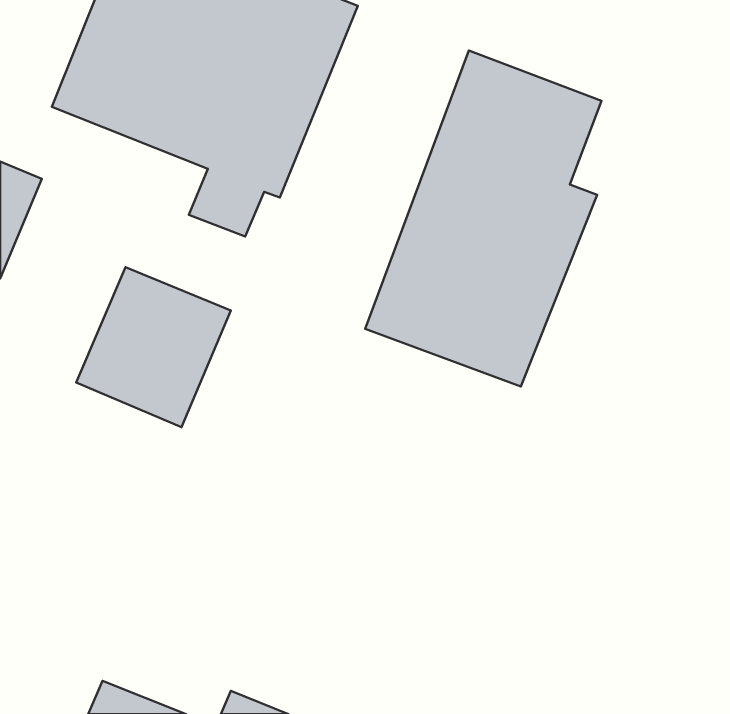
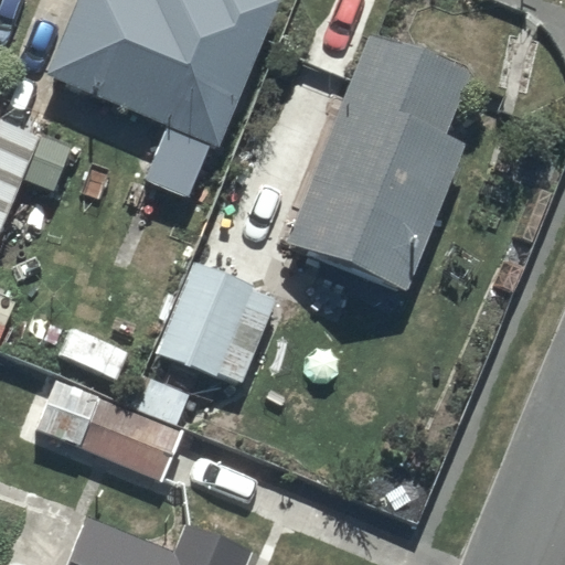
building: [76,267,231,427] -> [157,264,275,386]
building: none -> [34,371,191,478]

